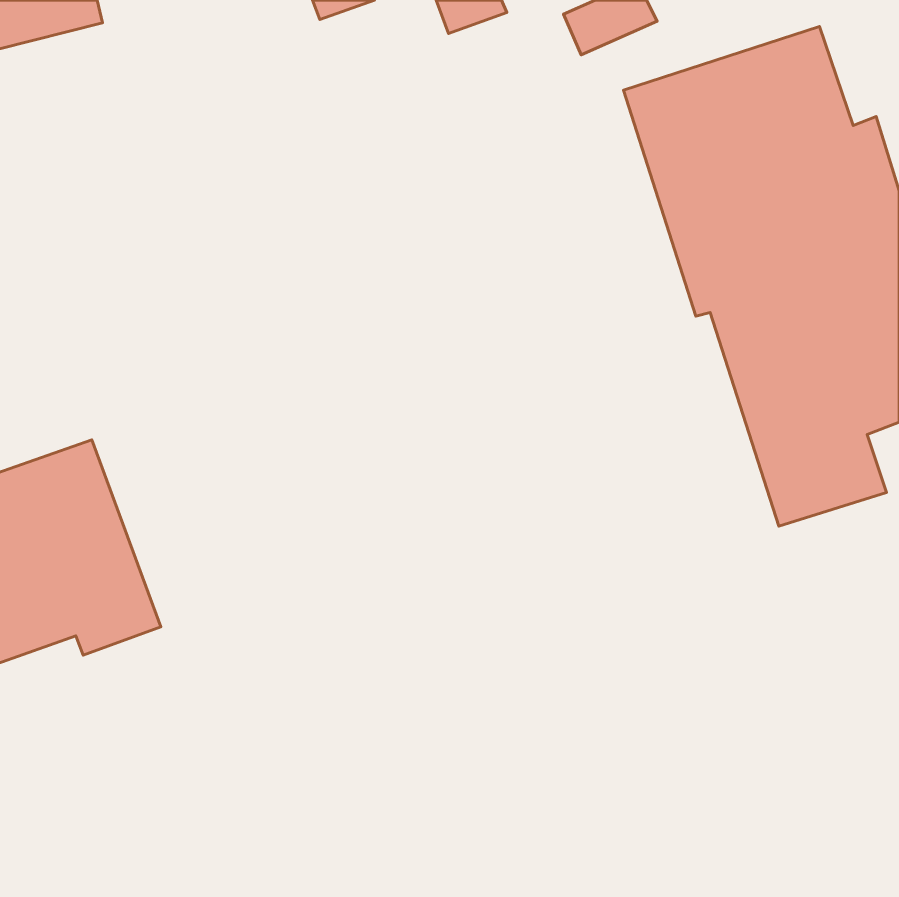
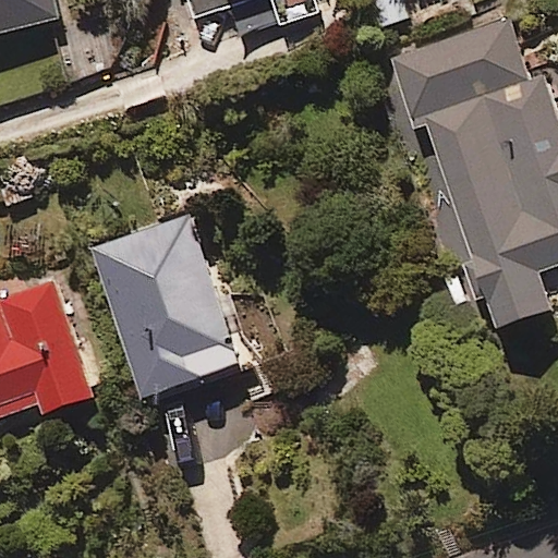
building: none -> [97,213,245,393]

